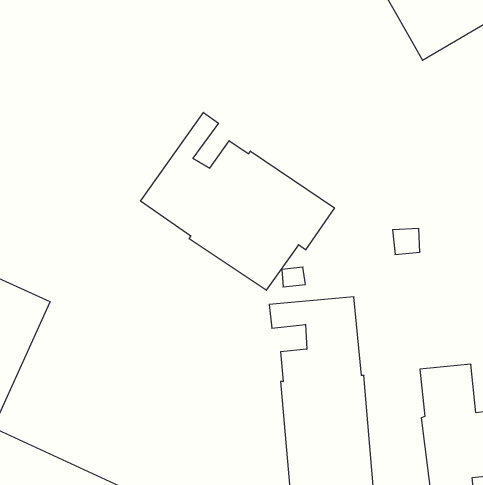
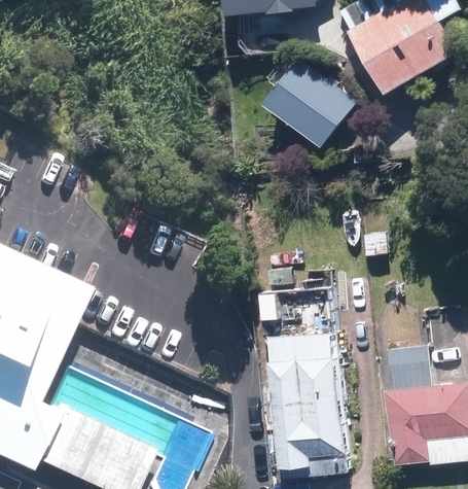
building: none -> [266,57,359,145]
building: [141,112,334,290] -> none

